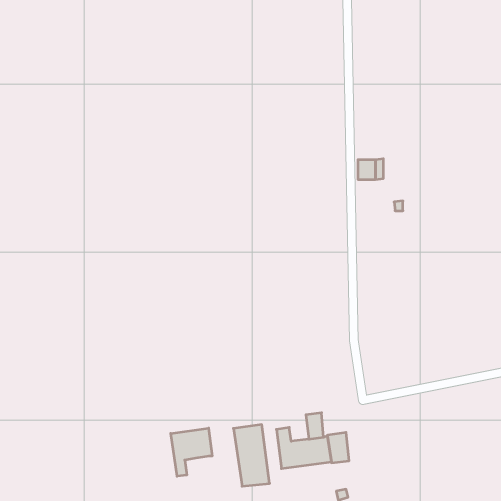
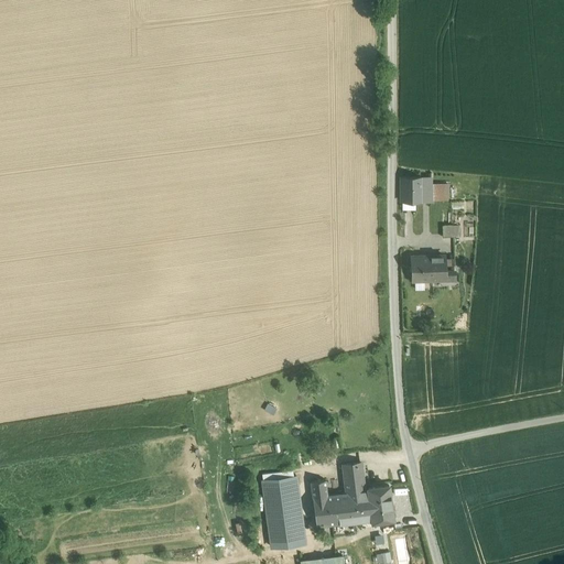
building: none -> [412,257,454,281]
building: [171,428,212,476] -> none

